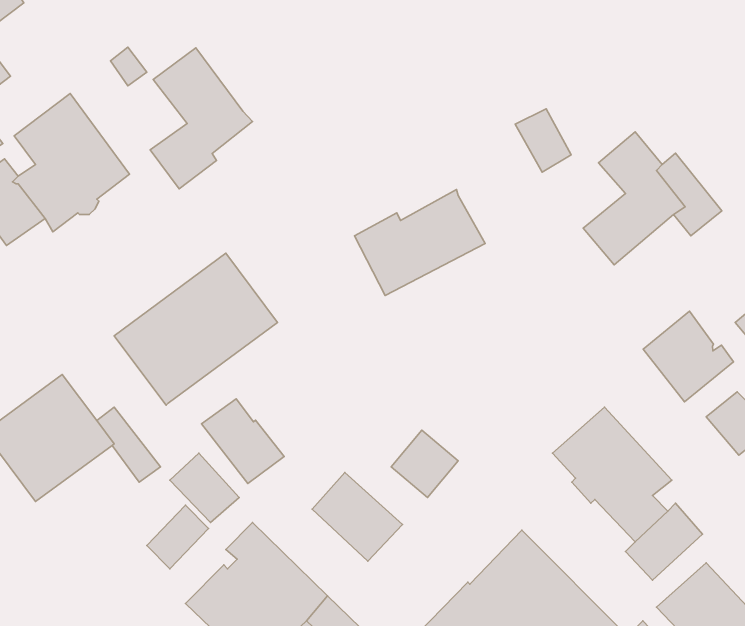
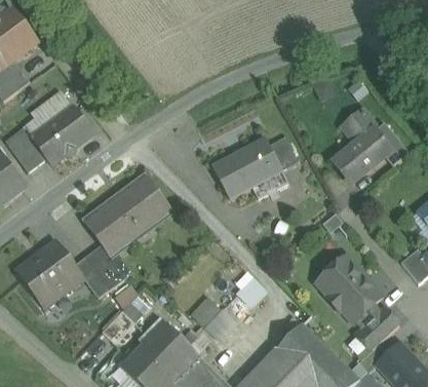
building: [150,48,253,189] -> none
building: [515,109,571,172] -> [268,136,298,169]
building: [643,311,734,402] -> none
building: [202,399,284,484] -> [84,243,128,288]

